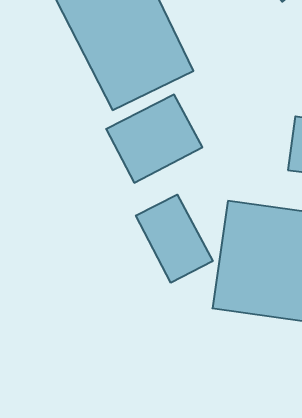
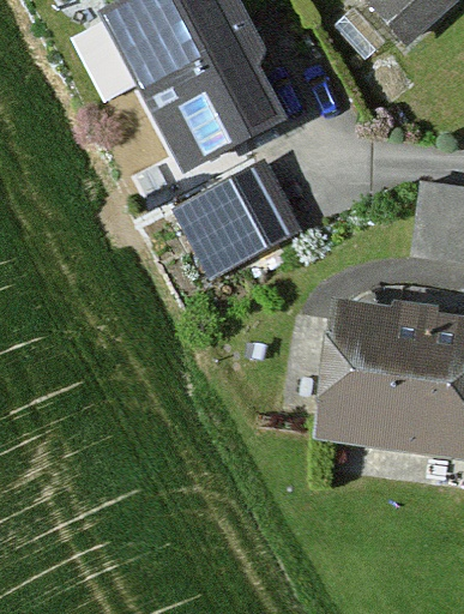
building: [136,195,213,283] -> none

